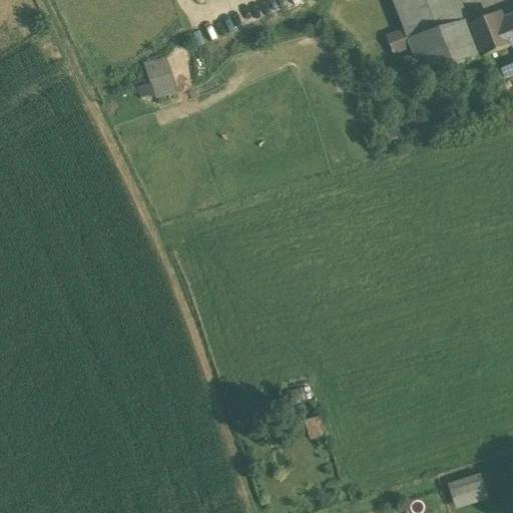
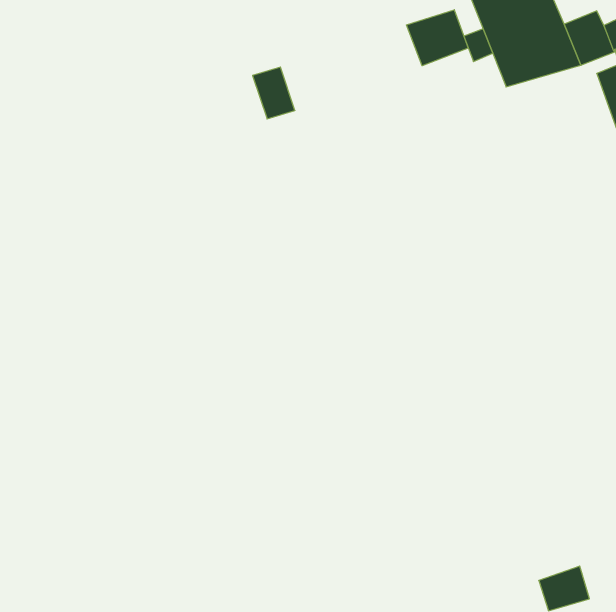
building: none -> [407,10,468,66]
building: [143,52,178,95] -> [253,67,295,119]

